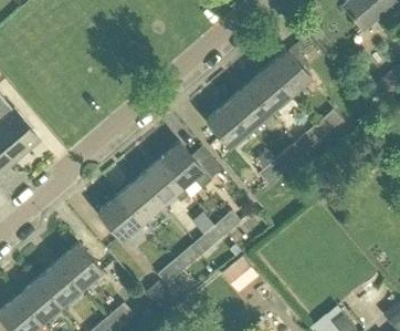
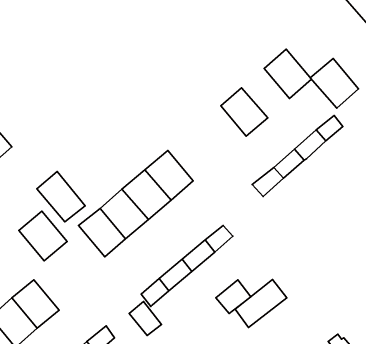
building: [248,68,292,113] -> [310,59,359,108]
building: [208,102,252,147] -> none
building: none -> [37,172,85,222]
building: [57,244,102,289] -> [19,211,67,261]
building: none -> [235,280,287,327]

